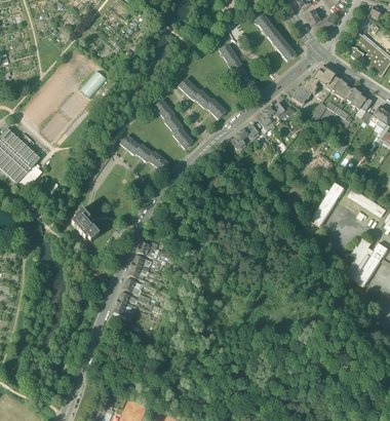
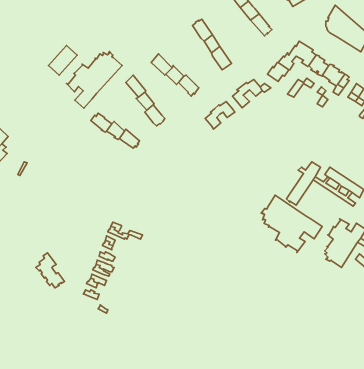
building: none -> [67,52,122,108]
building: [71,207,99,241] -> [36,253,64,288]
building: none -> [261,195,322,253]

